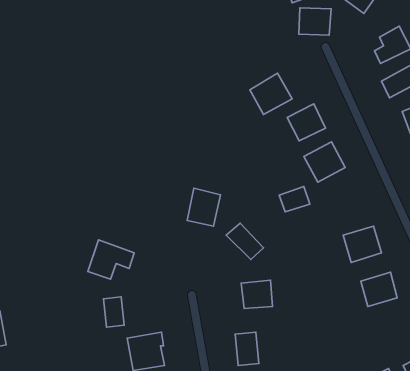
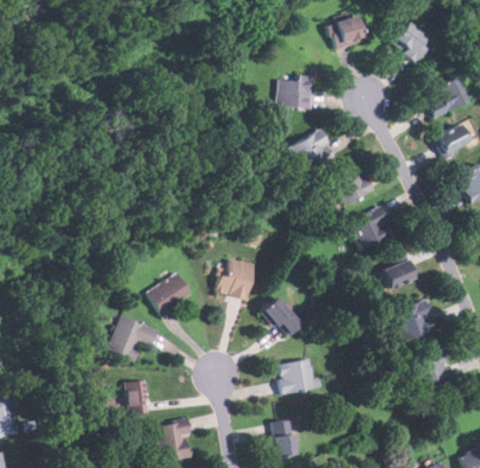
building: [299,8,331,35] -> [277,77,313,108]
building: [279,186,310,212] -> [383,259,417,288]
building: none -> [147,271,192,315]

